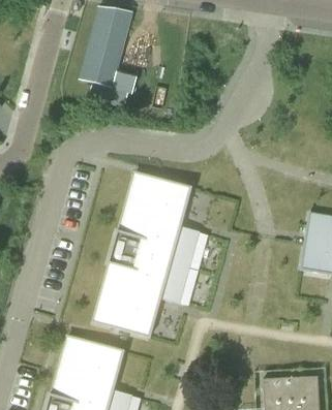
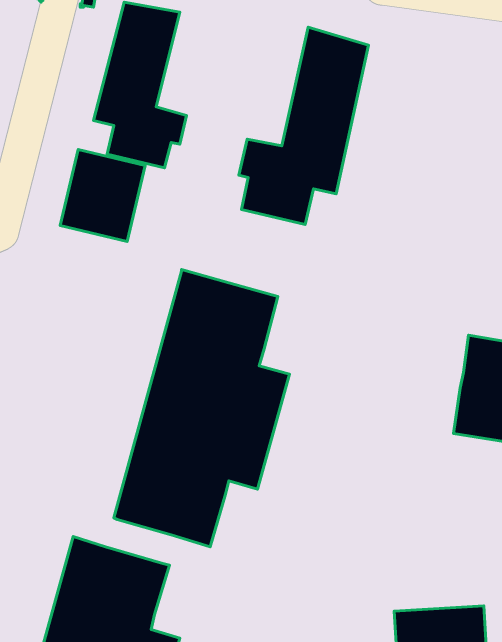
building: none -> [239,27,368,225]
building: none -> [60,150,145,241]

